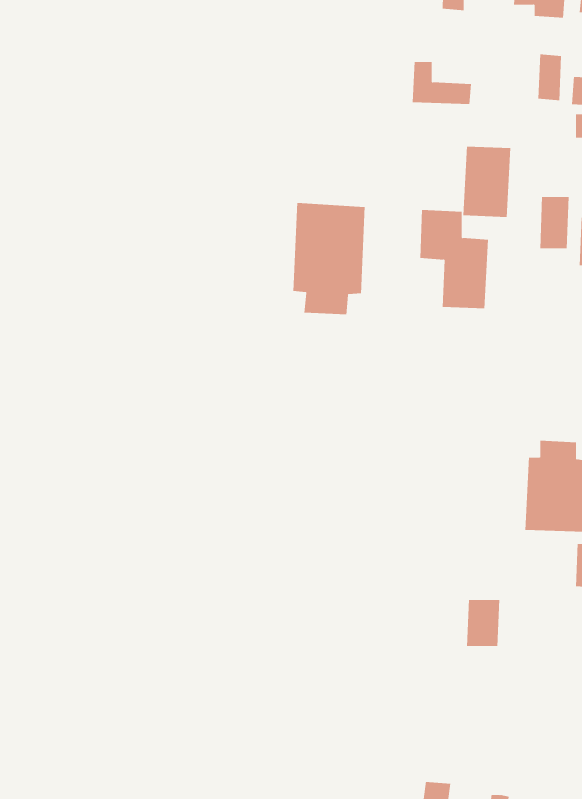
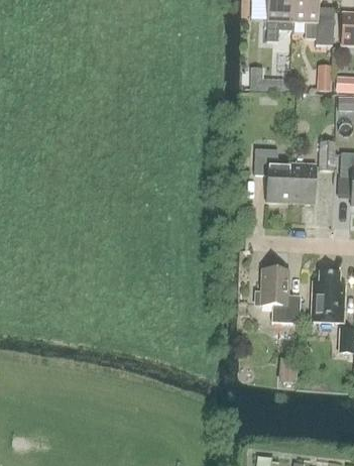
building: [463,146,511,217] -> [289,164,316,203]
building: [293,202,365,315] -> none
building: none -> [255,269,301,323]

